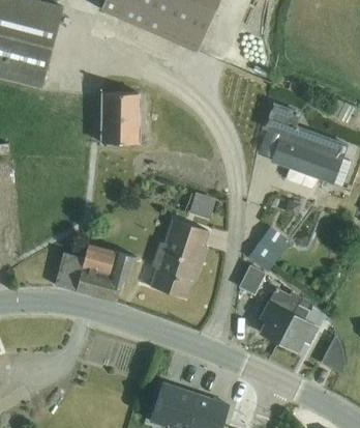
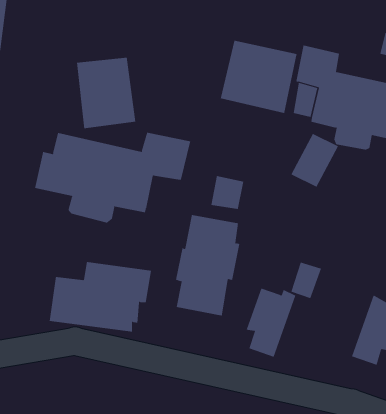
building: none -> [220,40,297,114]
building: none -> [35,132,191,224]
building: [249,228,289,269] -> [290,133,339,188]
building: [260,288,301,342] -> [246,288,296,357]

